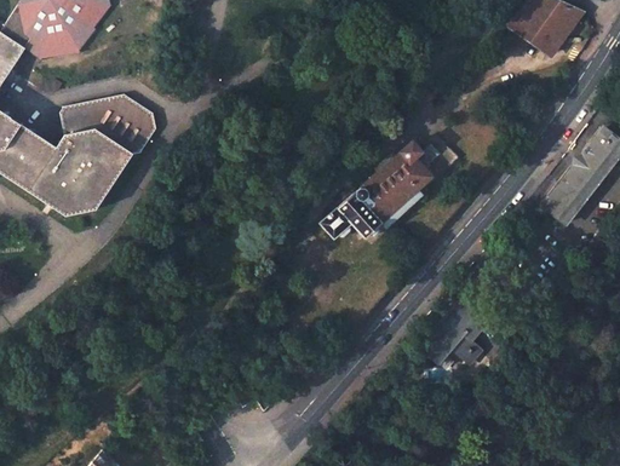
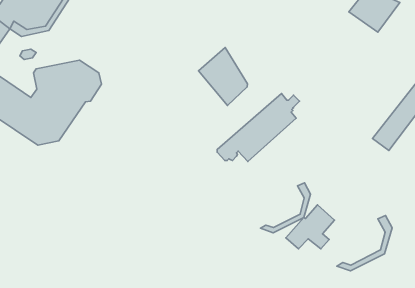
building: none -> [198,47,247,106]
building: none -> [260,183,311,233]
building: none -> [337,216,392,271]

